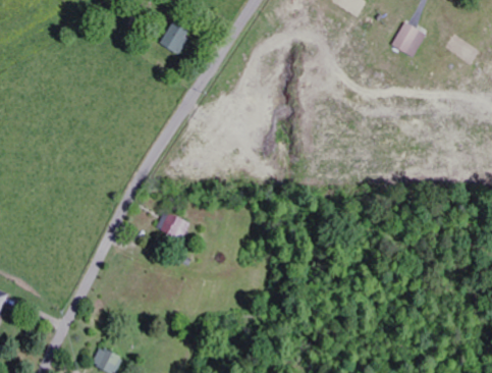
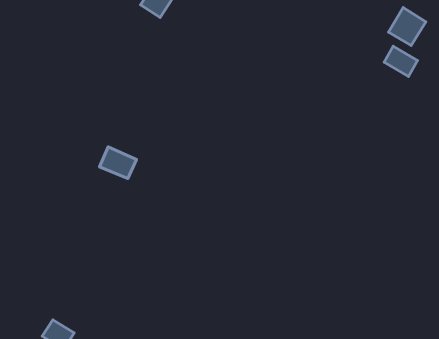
building: none -> [384,46,417,76]
building: [160,211,194,238] -> [100,147,136,178]

